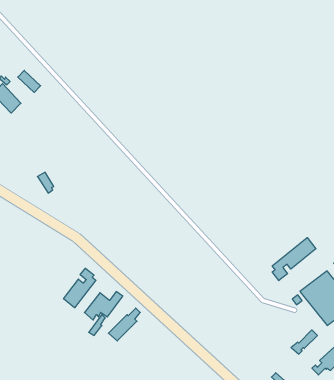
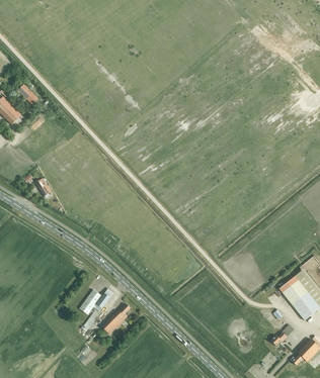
building: [272,238,316,281] -> none
building: [64,268,96,308] -> none

